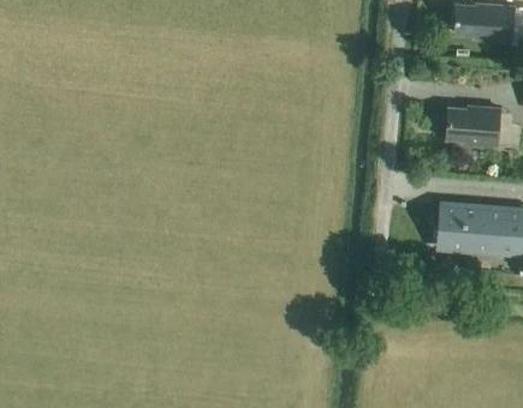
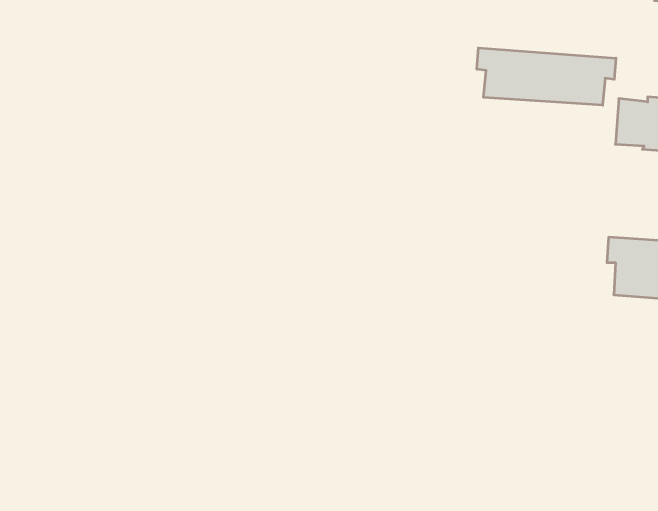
building: none -> [477,48,616,105]

